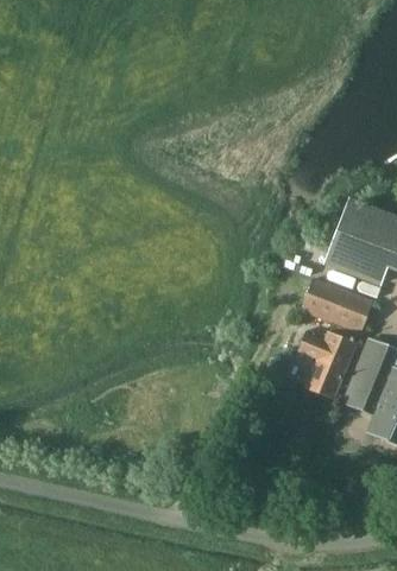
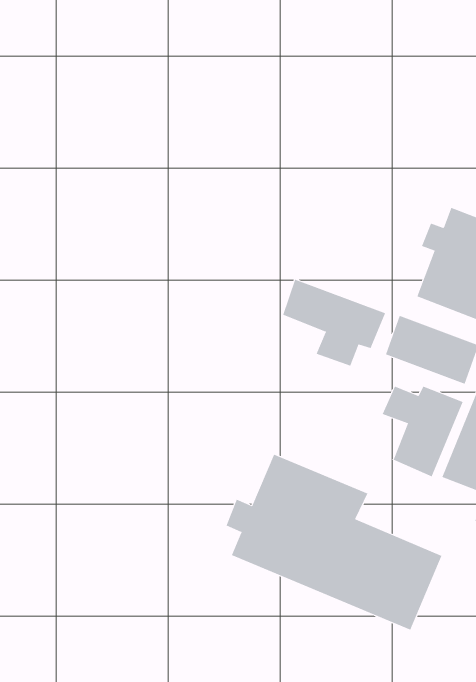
building: none -> [282,279,386,366]
building: none -> [226,454,442,630]

